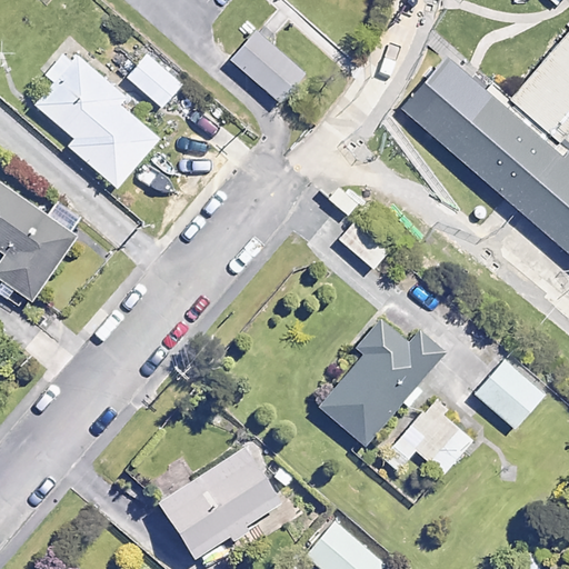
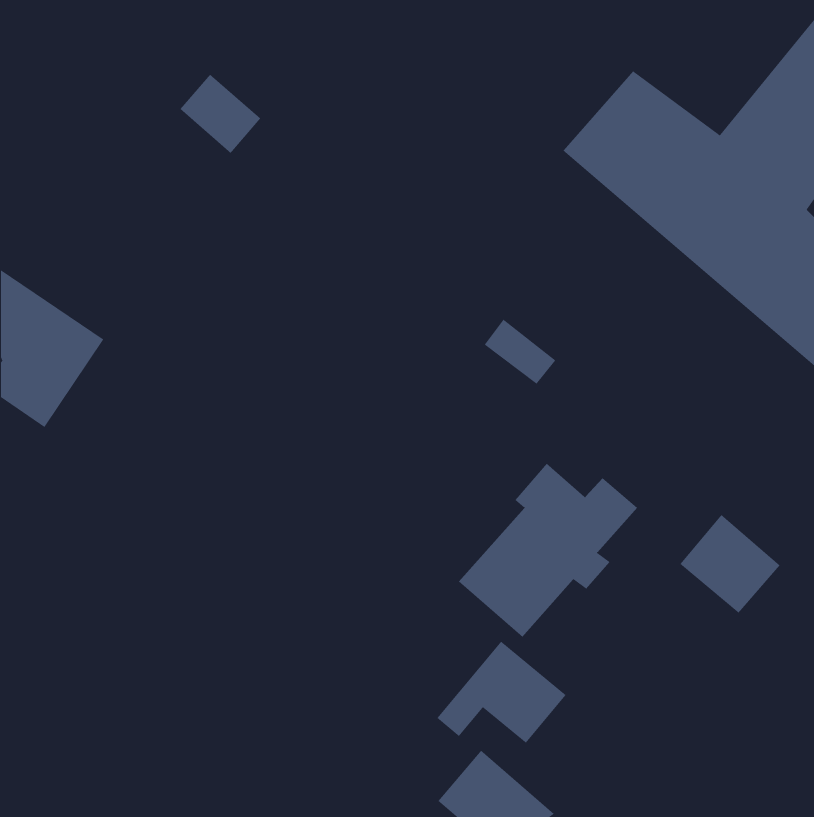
building: [232,29,311,104] -> none
building: [37,47,161,188] -> none
building: [385,403,475,475] -> [437,641,566,743]
building: [159,450,279,558] -> none

